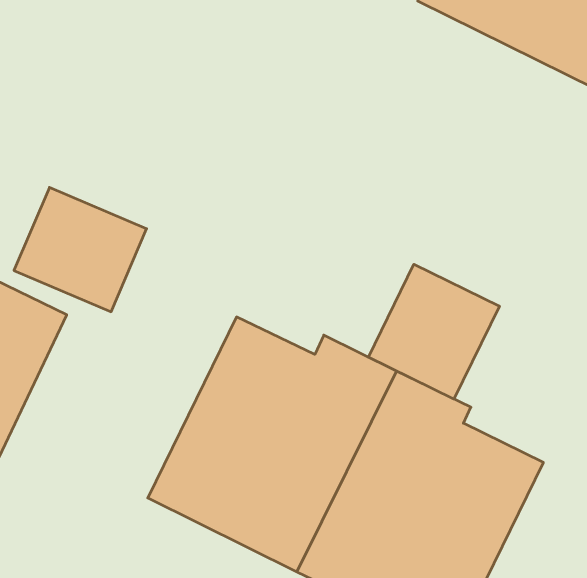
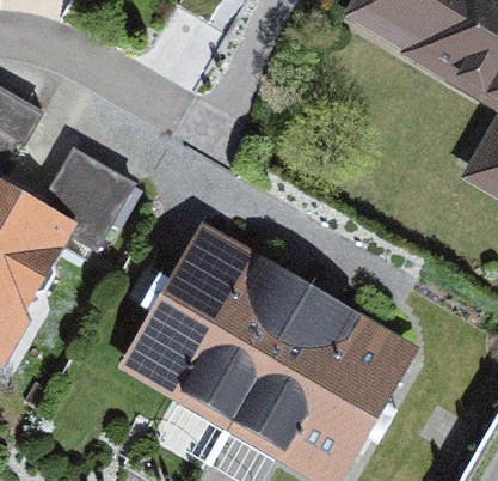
building: [368,264,499,399] -> none

